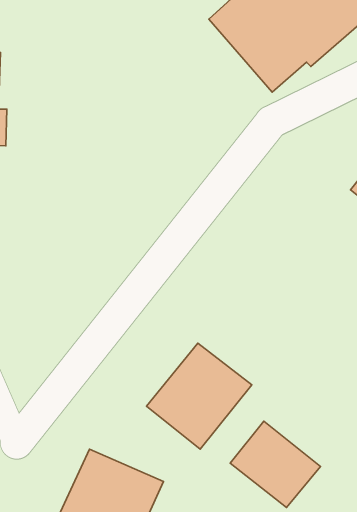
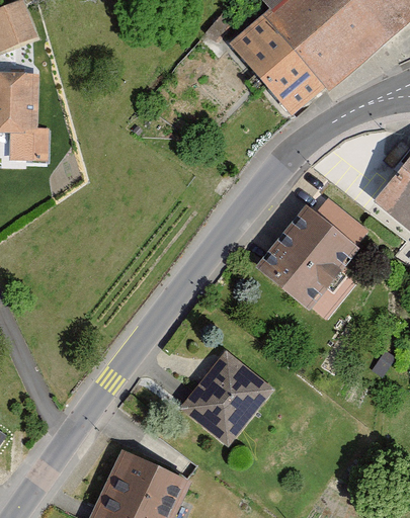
building: none -> [258,202,366,313]
building: [230,421,320,507] -> none

